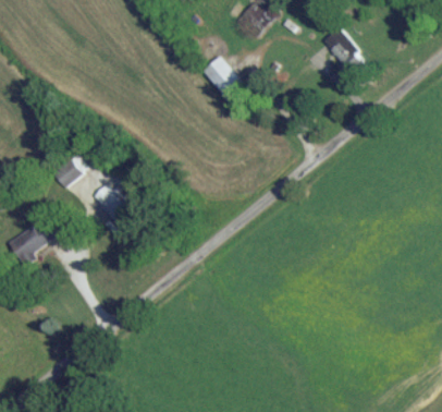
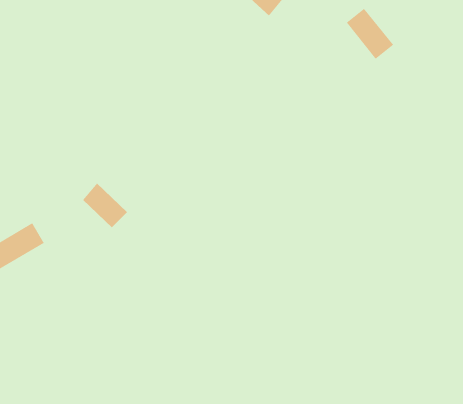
building: [204,57,250,104] -> none
building: [52,159,81,186] -> none

